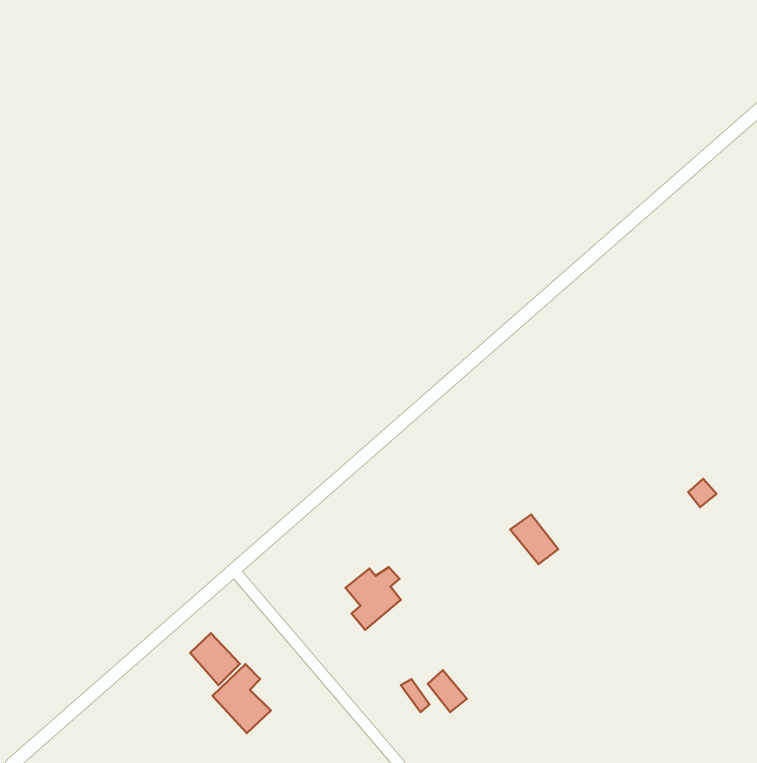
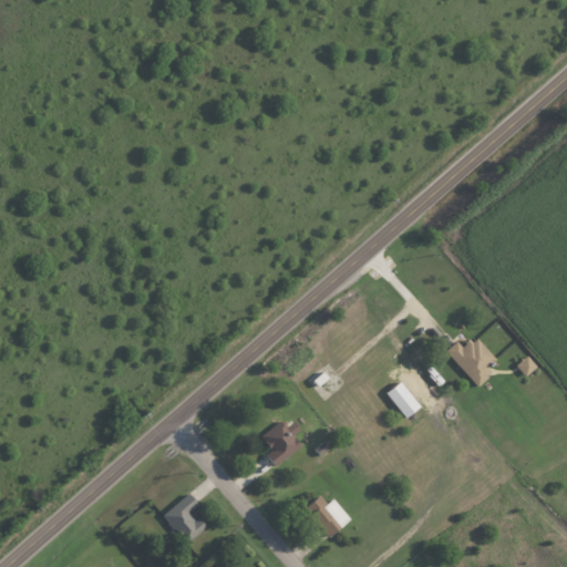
building: none -> [445,337,495,386]
building: [190,633,240,685] -> none

